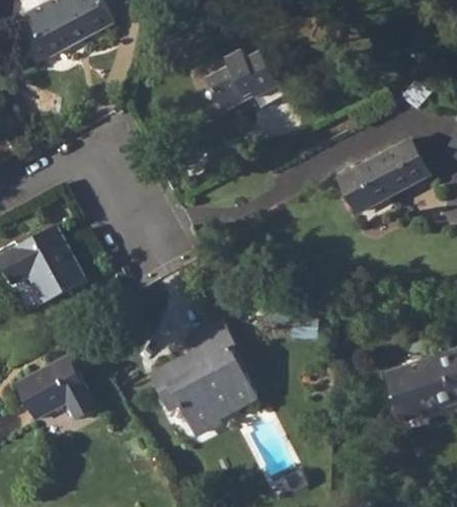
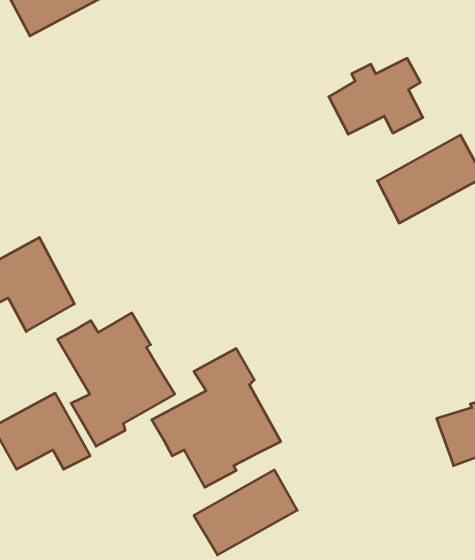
building: [204,45,283,108] -> [329,58,423,134]
building: none -> [58,313,175,446]
building: none -> [194,470,297,555]

